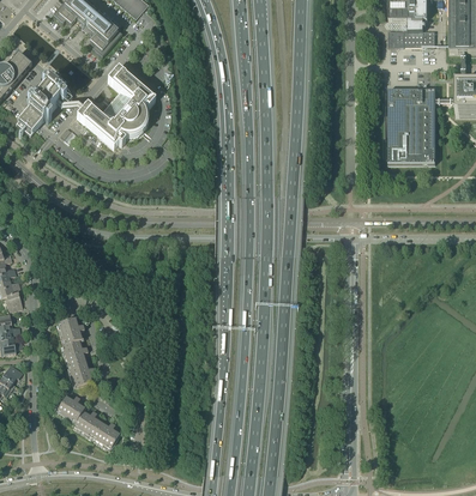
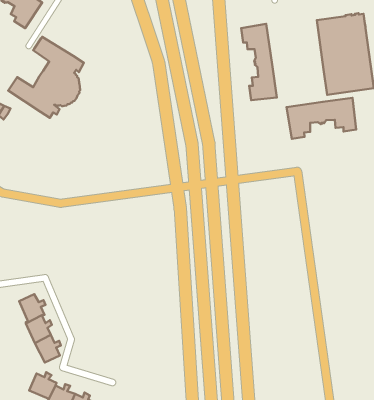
building: none -> [241,24,277,100]
building: none -> [286,98,356,139]

